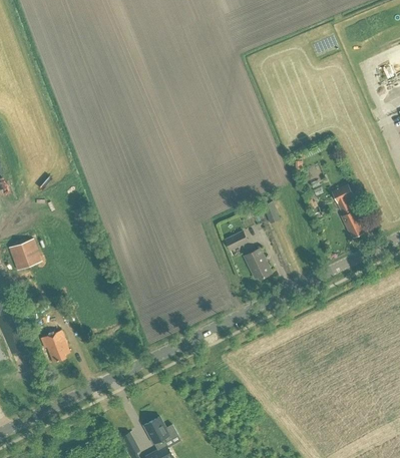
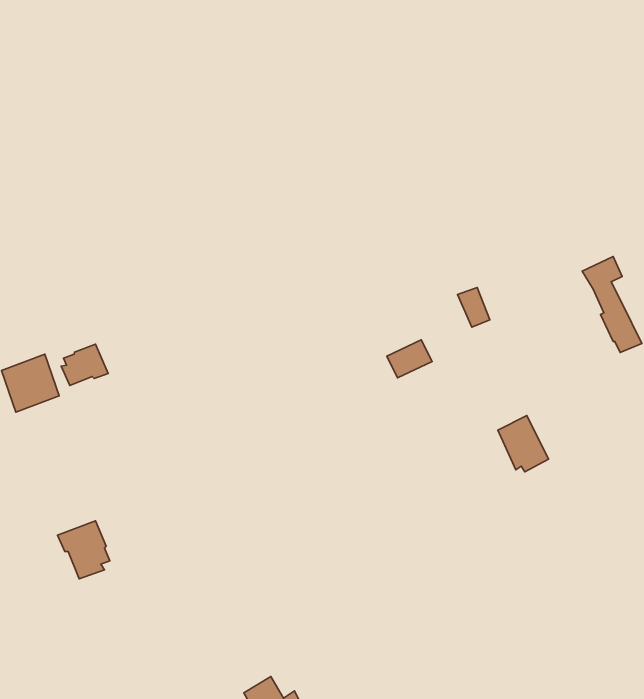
building: none -> [61,344,108,386]
building: [244,249,272,280] -> [498,416,548,472]

